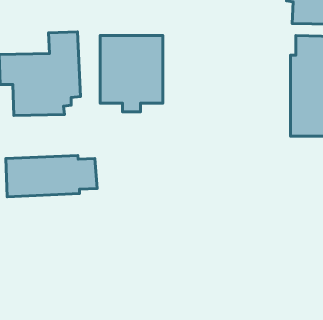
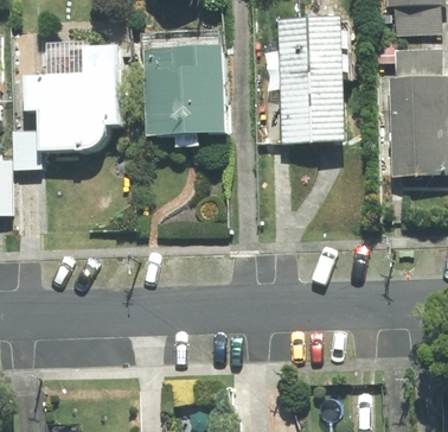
building: none -> [276,18,345,145]
building: [6,155,97,197] -> none

